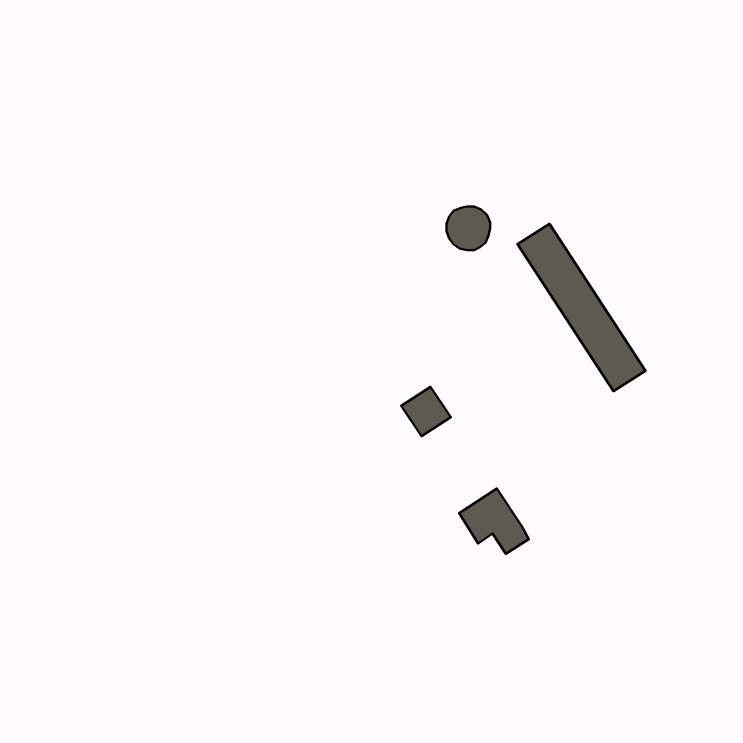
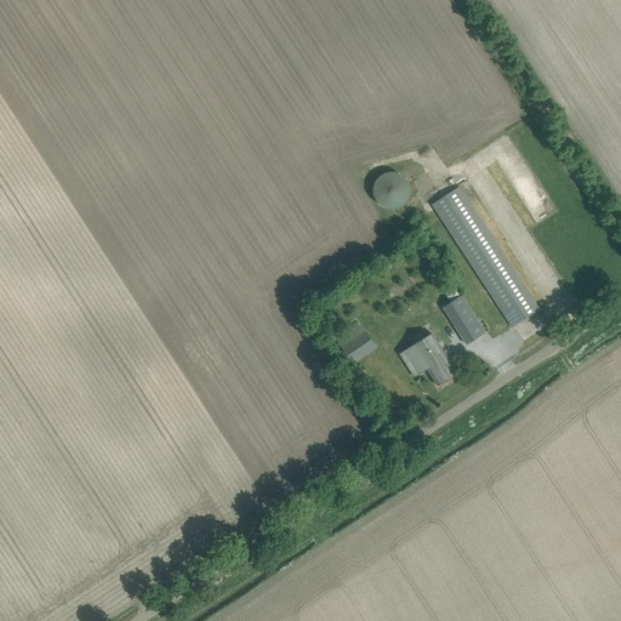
building: none -> [443,283,485,344]
building: [459,488,529,554] -> [399,331,457,386]

